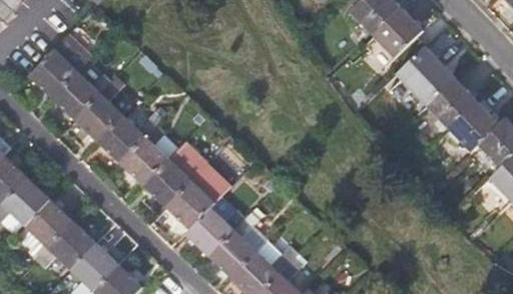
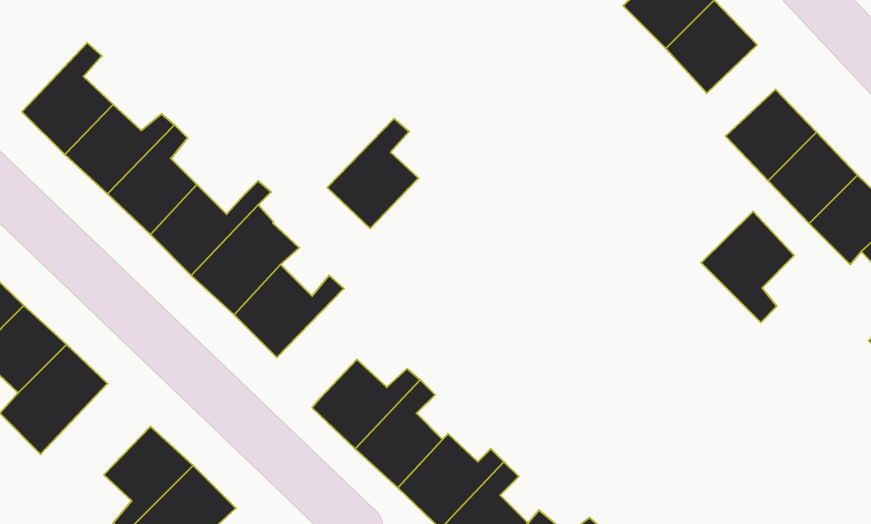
building: none -> [701,211,794,322]
building: [165,166,214,225] -> [327,119,419,228]
building: [38,217,97,266] -> none

